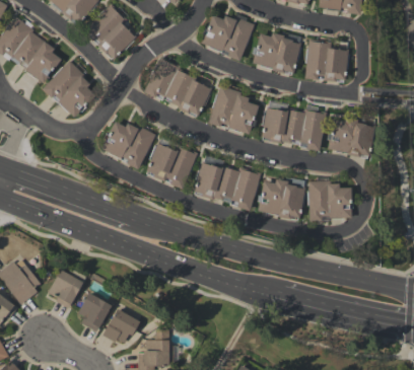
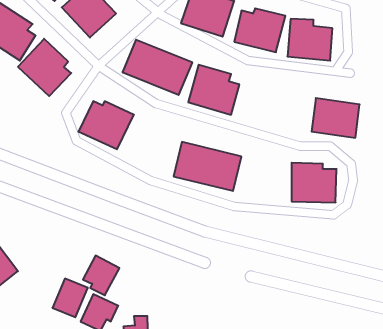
building: [261,106,326,148] -> none
building: [145,142,197,188] -> none
building: [257,179,306,219] -> none
building: [48,269,83,307] -> [83,256,119,295]

